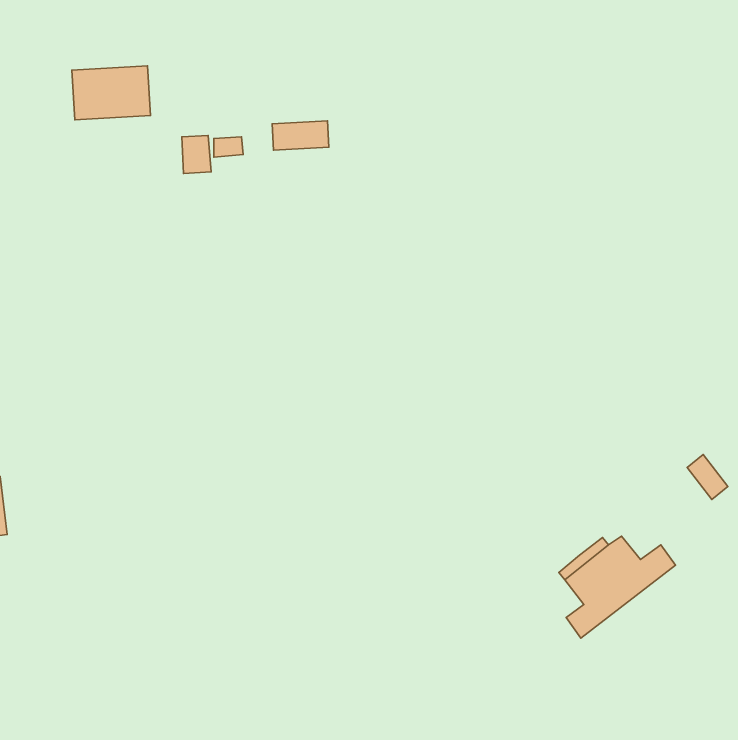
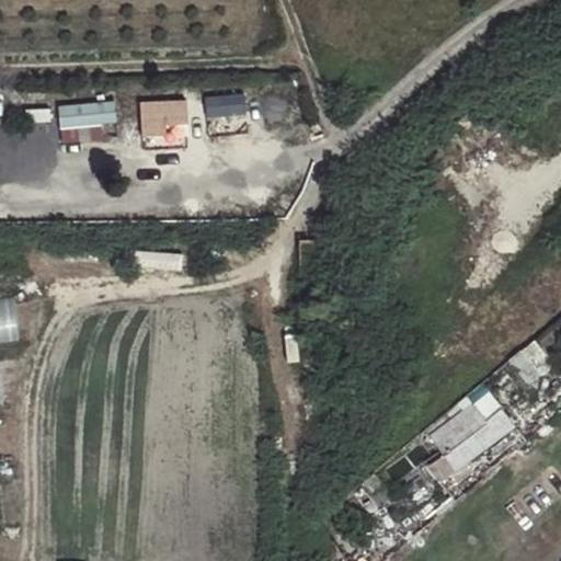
building: [72,66,151,120] -> [59,101,118,141]

